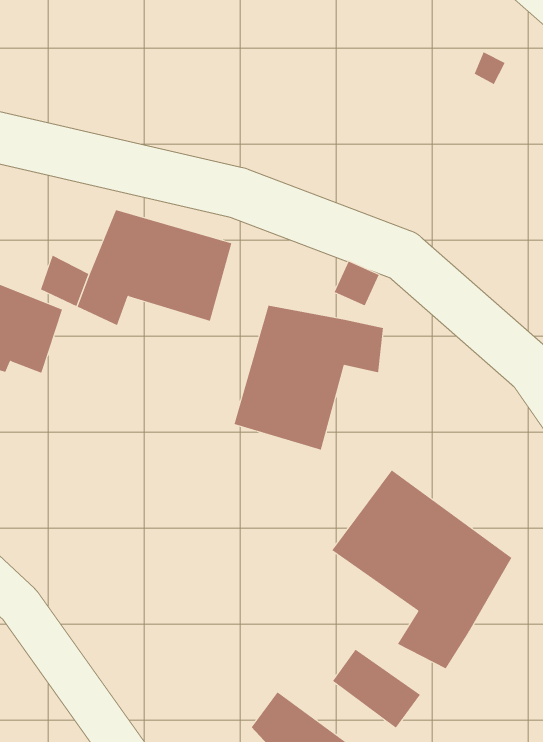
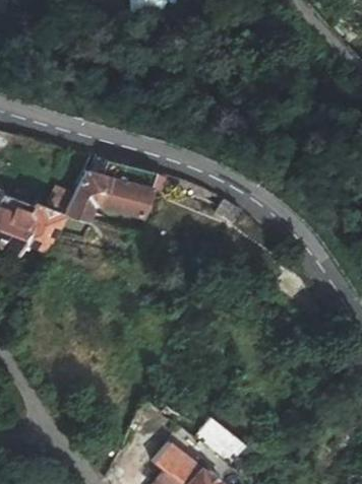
building: [234,305,384,451] -> none
building: [332,470,512,669] -> none

